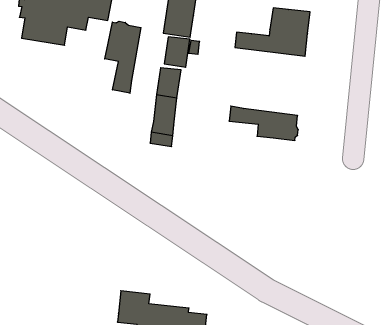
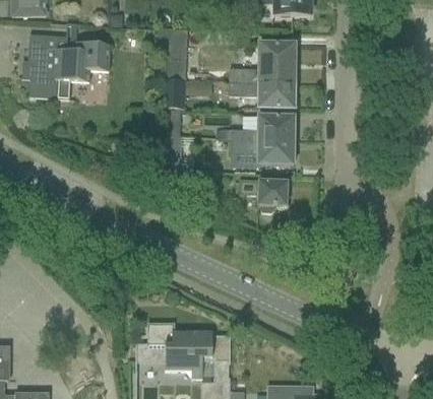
building: [105,21,141,93] -> none
building: none -> [228,83,294,108]
building: none -> [230,115,296,140]
building: none -> [240,179,287,211]

